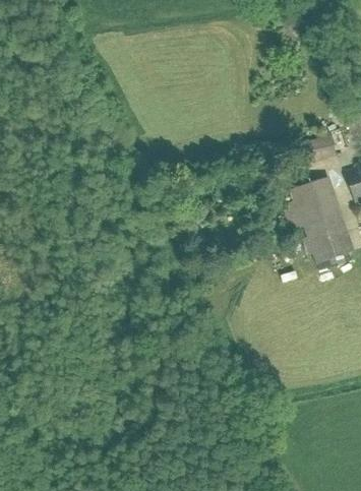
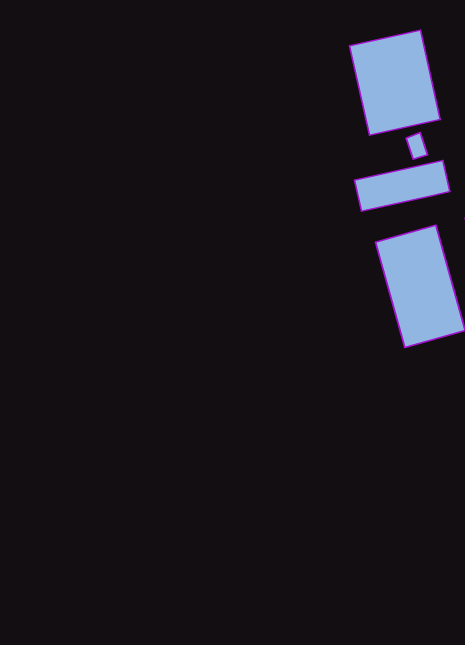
building: none -> [349,30,440,135]

